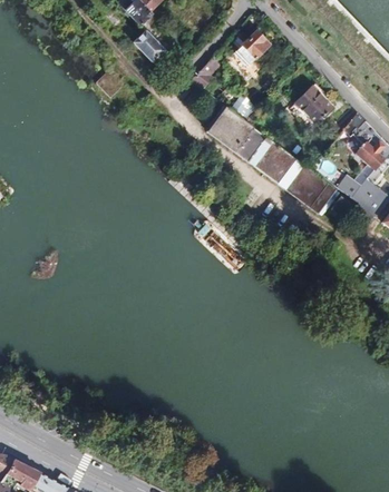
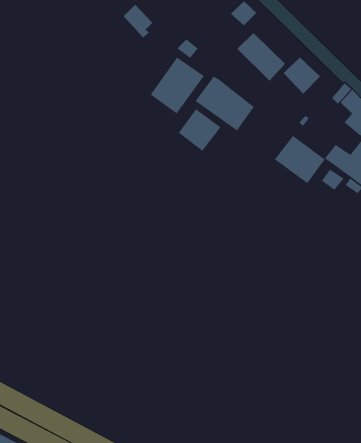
building: none -> [237,32,286,82]
building: none -> [150,56,205,115]
building: [253,140,296,184] -> [178,108,222,152]

